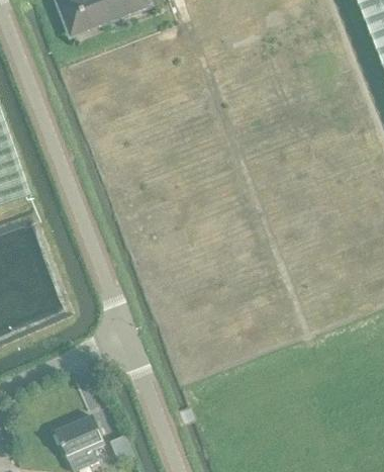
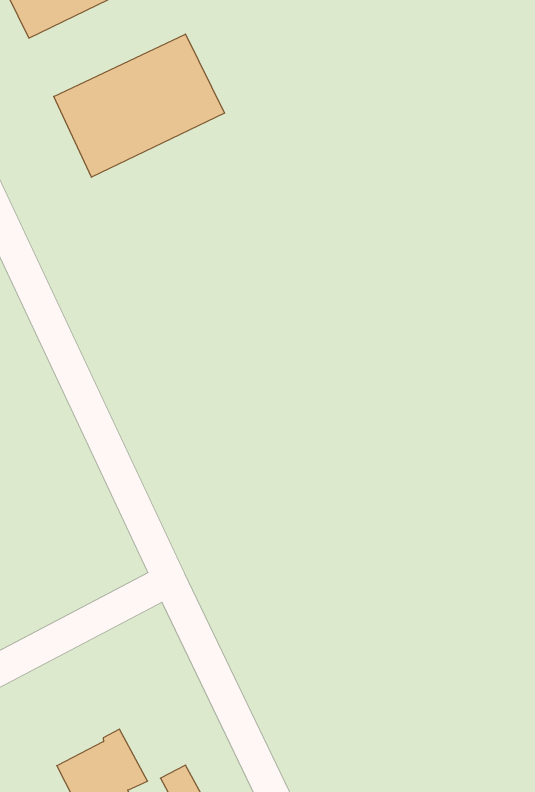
building: none -> [54,34,224,177]

